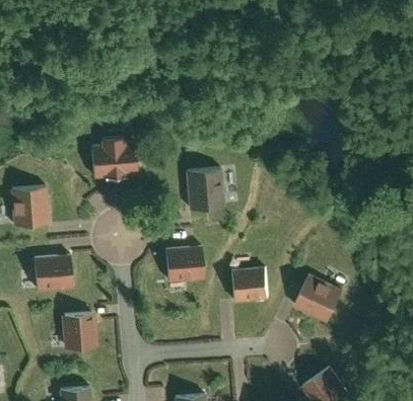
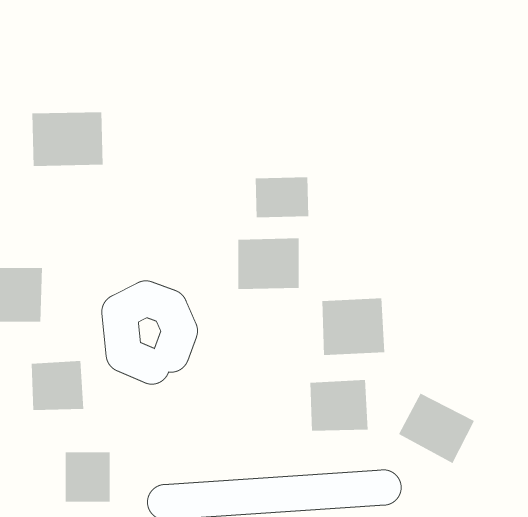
building: none -> [255,177,309,218]
building: [90,141,140,178] -> [31,112,104,166]
building: [166,246,210,286] -> [322,298,385,355]

